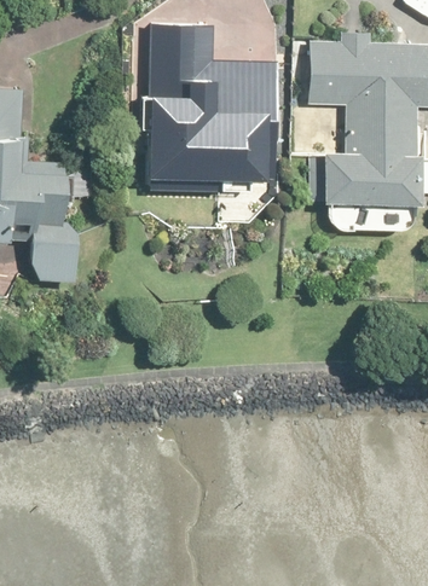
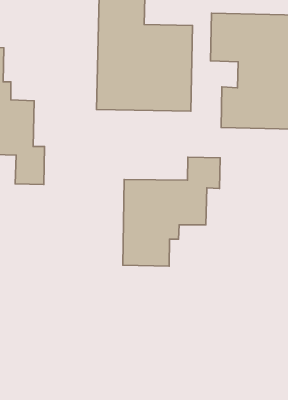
building: none -> [123,157,220,266]

